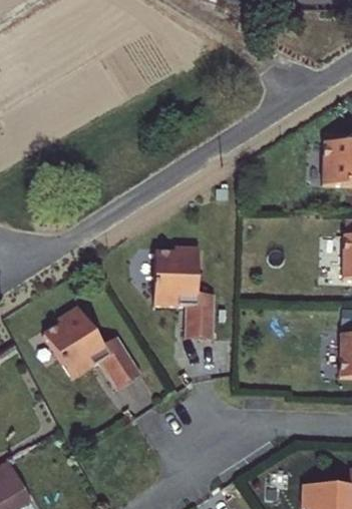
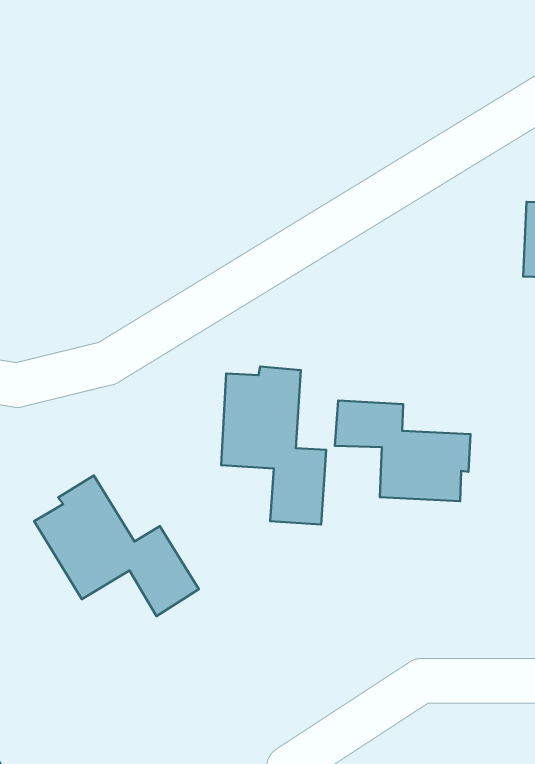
building: none -> [335,400,471,501]

